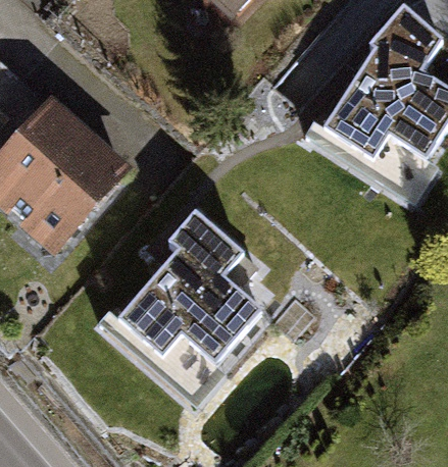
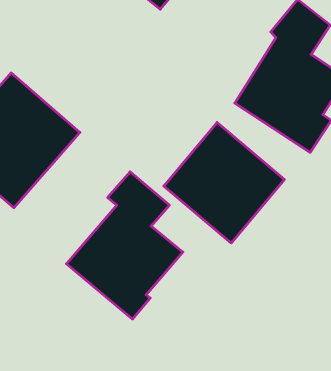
building: none -> [164,122,284,243]

